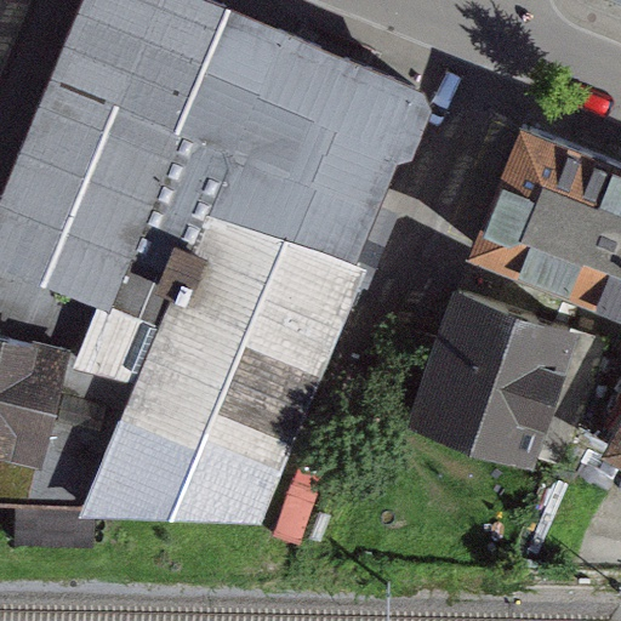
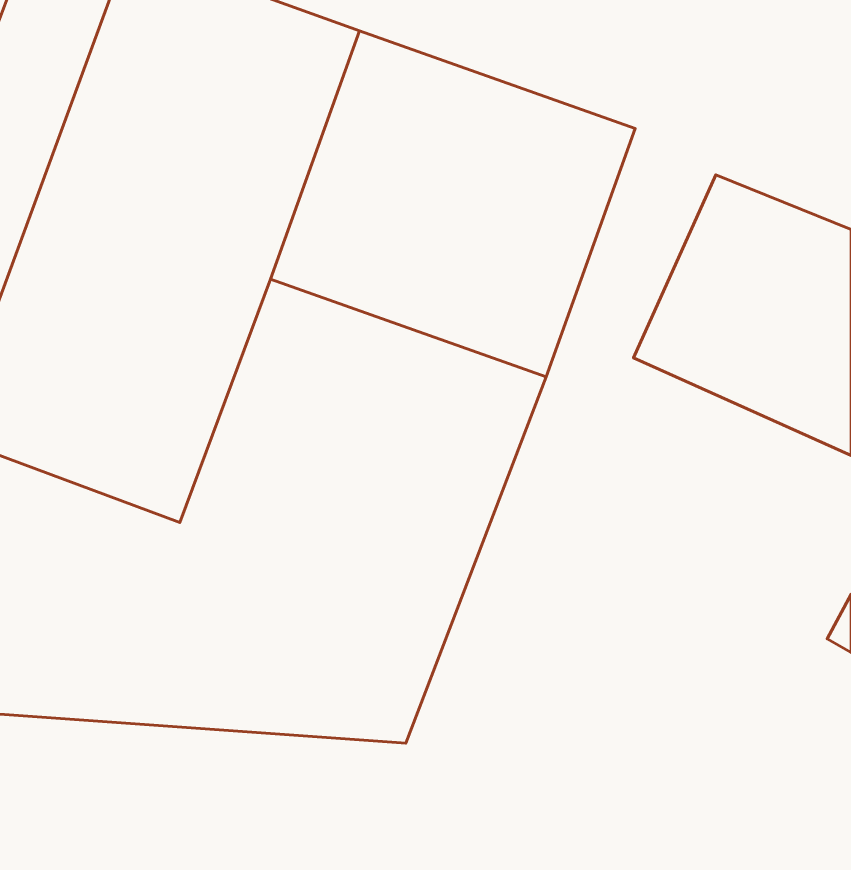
building: [399,291,562,458] -> none

